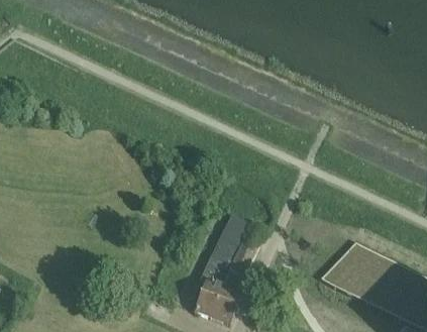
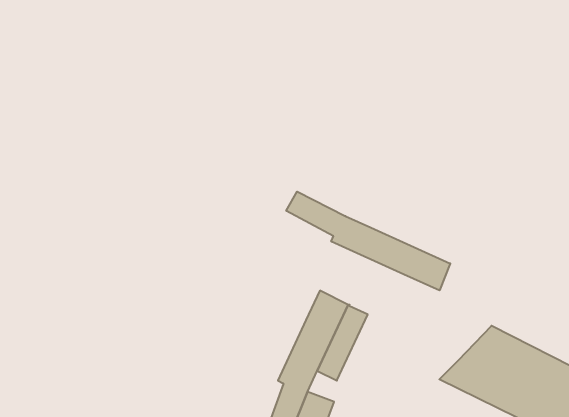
building: none -> [286,192,450,290]

